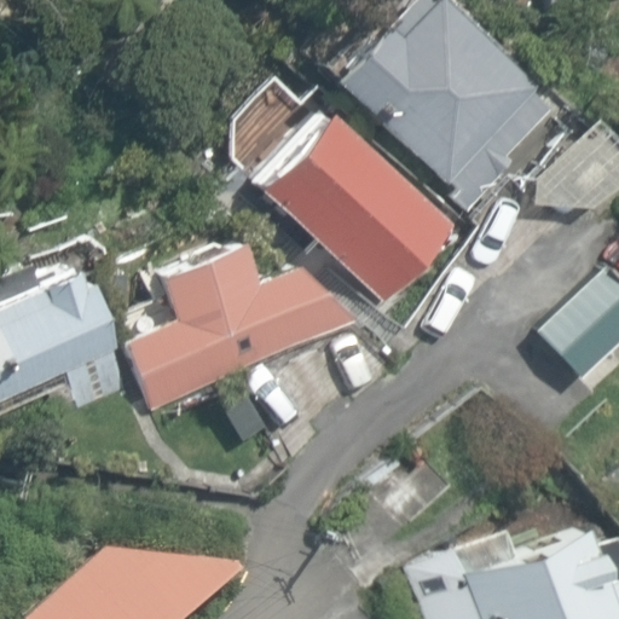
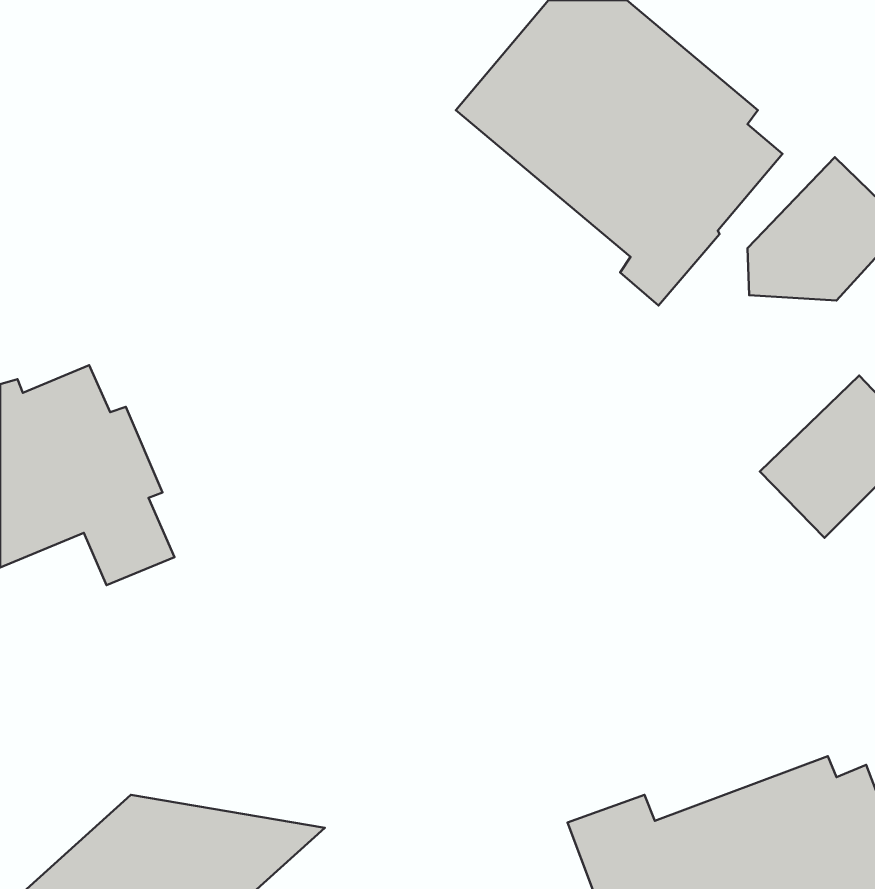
building: [250,103,459,307] -> none
building: [127,239,358,410] -> none

